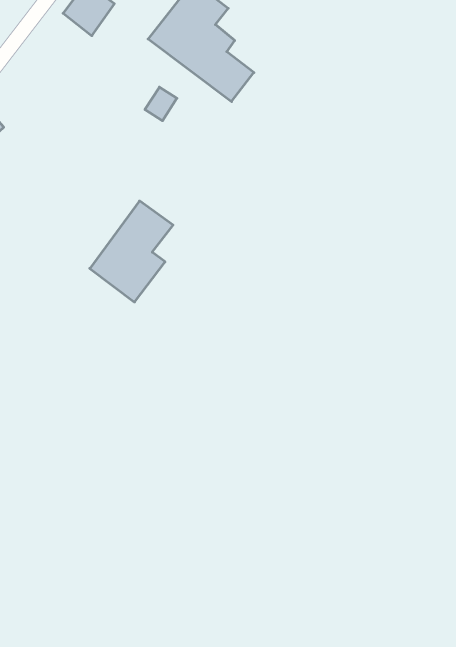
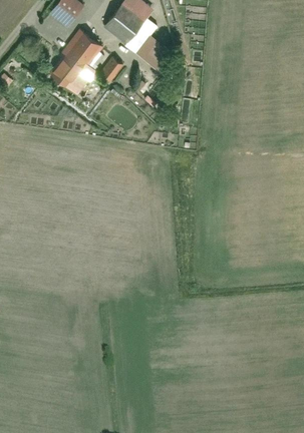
building: [90,201,173,302] -> [47,30,99,93]

